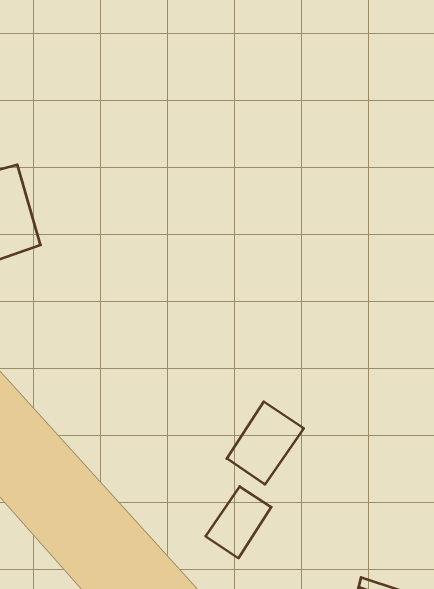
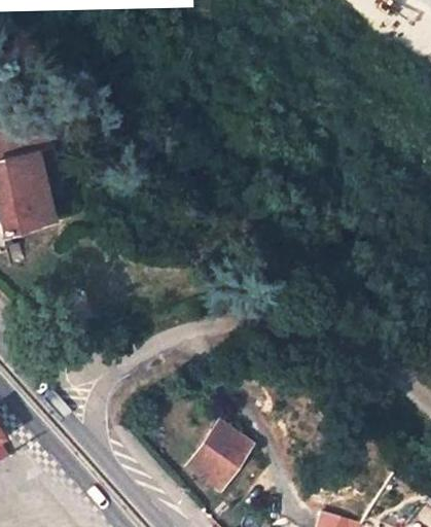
building: [227,402,304,484] -> none

